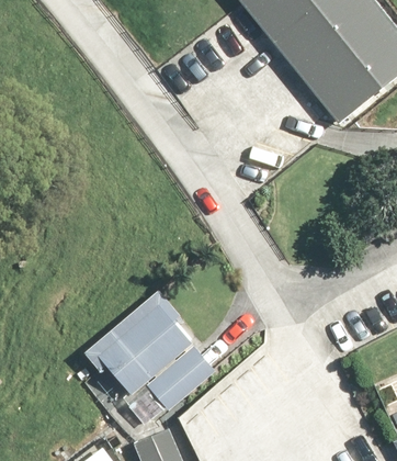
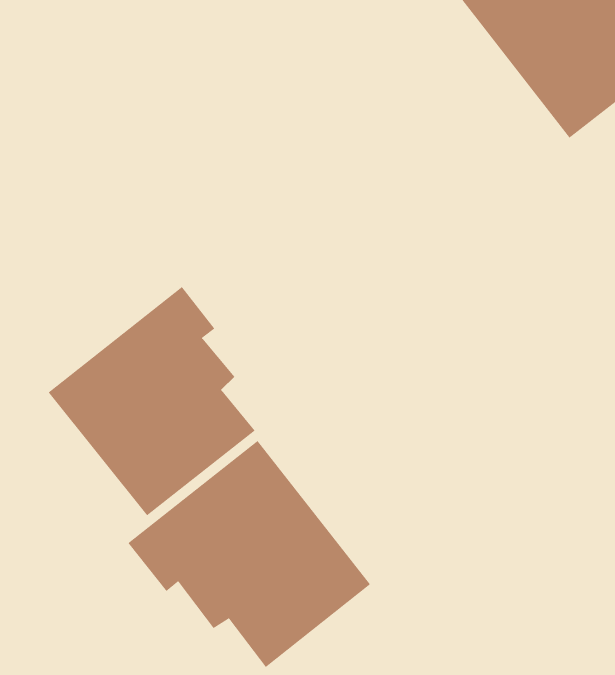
building: none -> [48,286,256,516]

